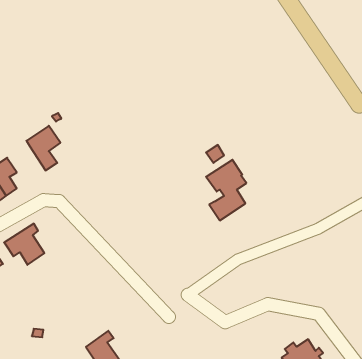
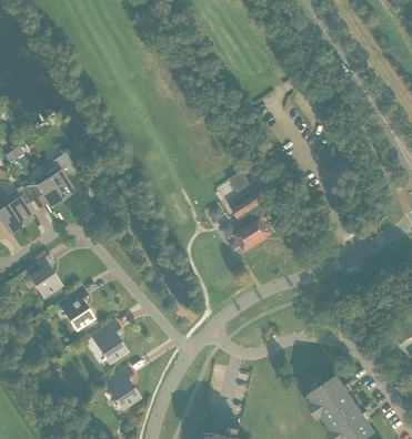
building: none -> [23,174,62,206]
building: none -> [59,288,94,330]
building: none -> [91,320,127,364]

